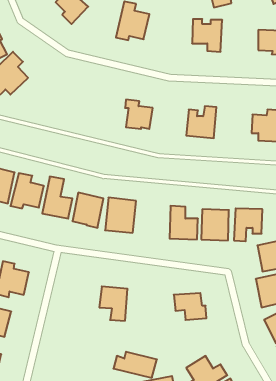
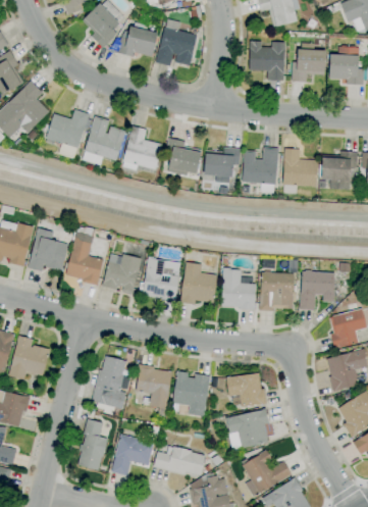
building: none -> [117,27,157,57]
building: none -> [292,43,326,83]
building: none -> [46,110,89,149]
building: none -> [85,116,125,160]
building: none -> [122,126,161,170]
building: none -> [204,148,240,183]
building: none -> [282,149,318,187]
building: none -> [180,262,216,304]
building: none -> [93,356,132,408]
building: none -> [172,371,210,416]
building: none -> [225,410,268,449]
building: none -> [76,419,107,470]
building: none -> [111,435,153,475]

